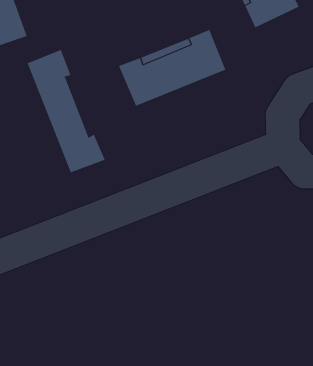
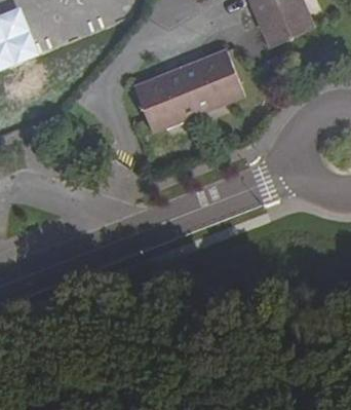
building: [27,49,105,173] -> none

